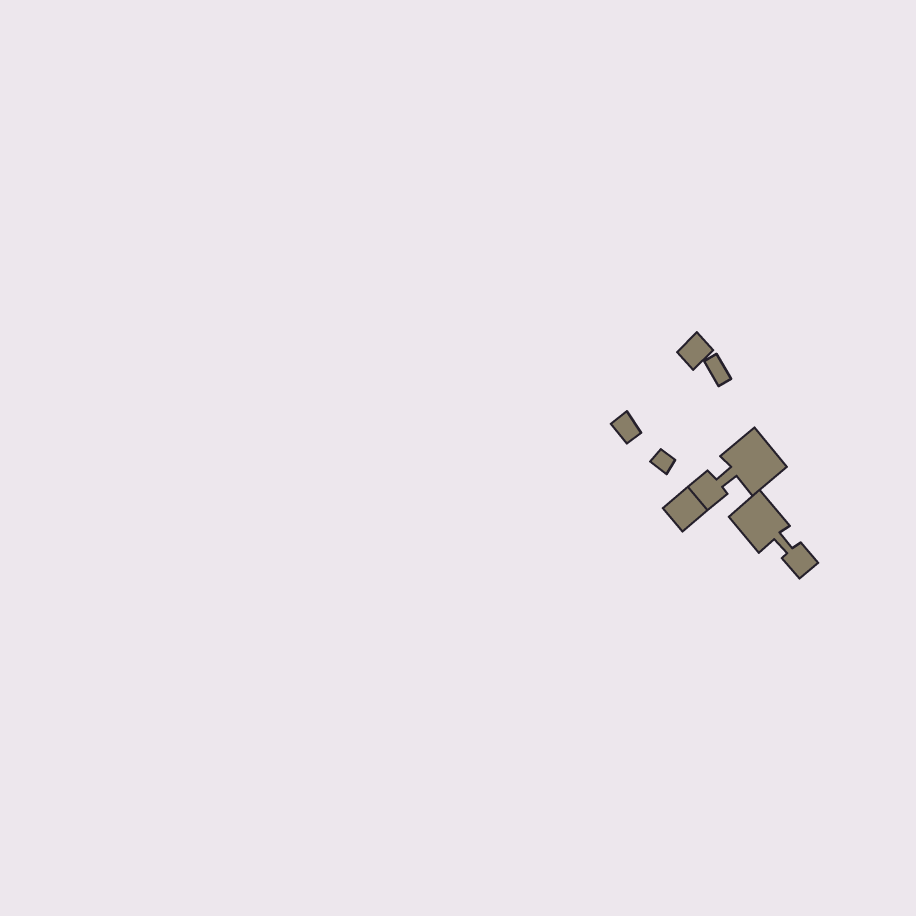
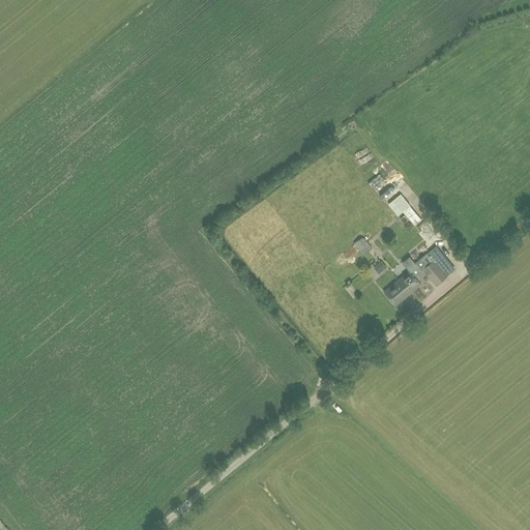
building: [729,490,818,579] -> none

